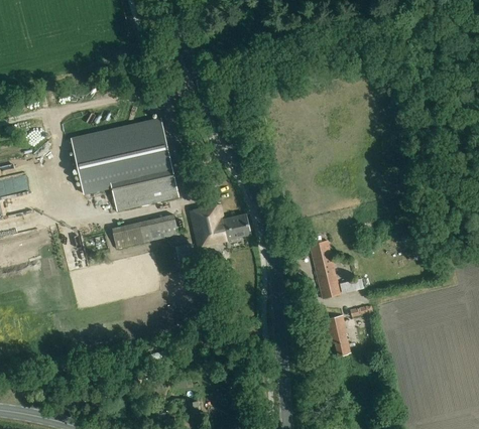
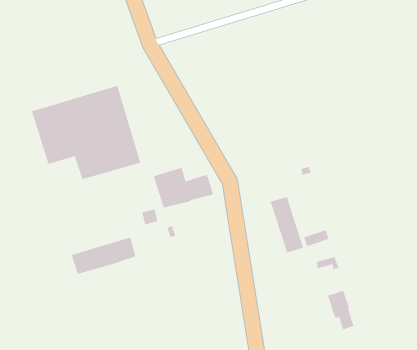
building: [111,214,177,249] -> [71,237,136,274]
building: [326,315,351,355] -> [327,290,354,330]

